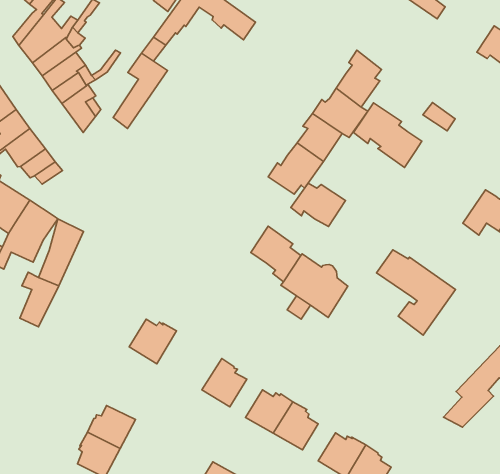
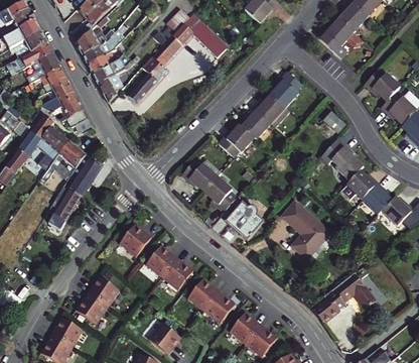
building: [353,103,422,167] -> [320,138,363,182]
building: [291,183,346,227] -> [182,163,218,193]
building: none -> [146,247,177,275]

